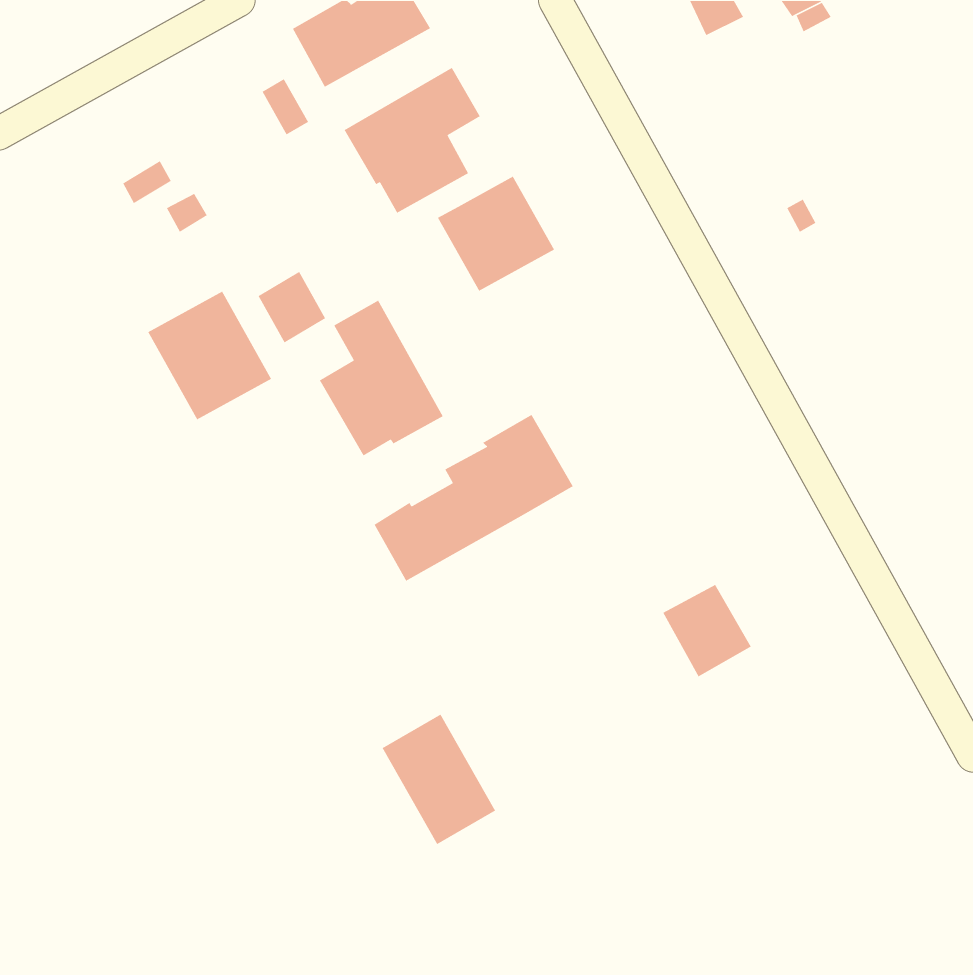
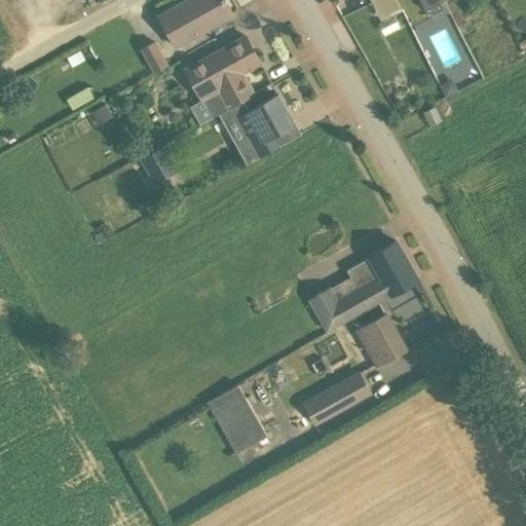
building: [147,290,272,421] -> none
building: [319,300,444,457] -> none
building: [374,414,574,582] -> [309,240,417,331]
building: none -> [304,374,369,423]

